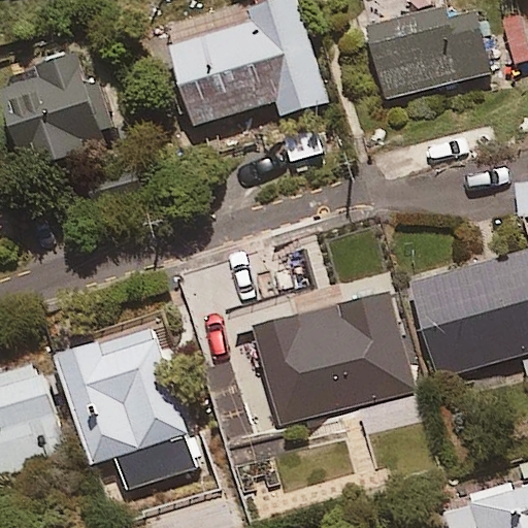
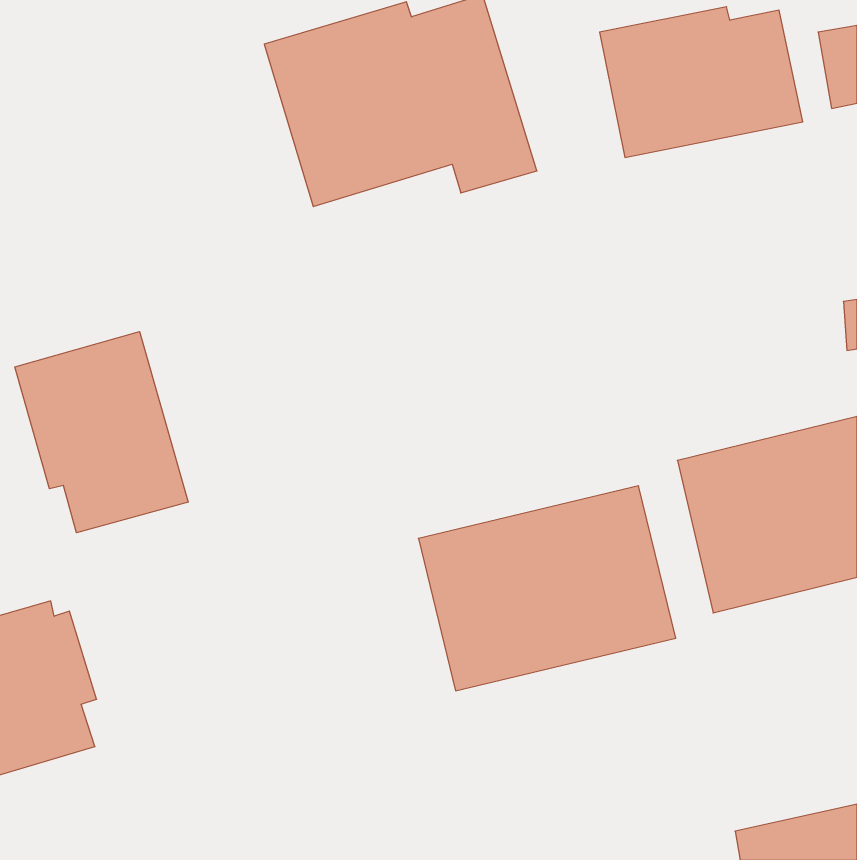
building: [4,71,119,172] -> none
building: none -> [15,332,188,533]
building: [60,332,195,488] -> none

